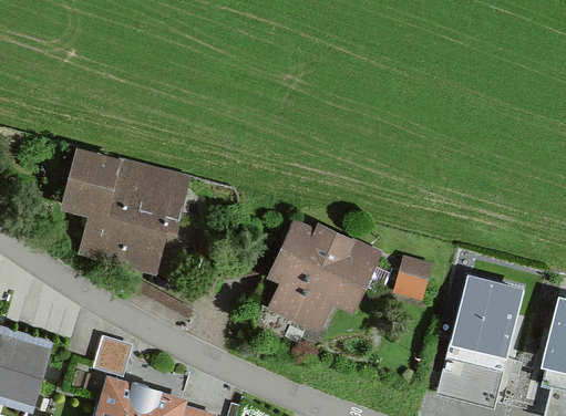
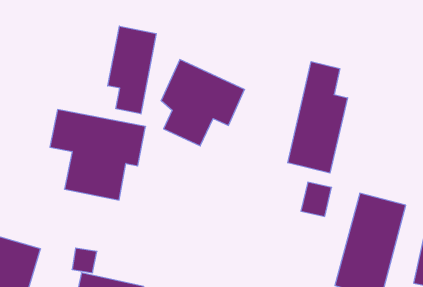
building: none -> [108,26,156,114]
building: none -> [288,62,348,173]
building: [267,218,375,330] -> [161,60,245,146]

